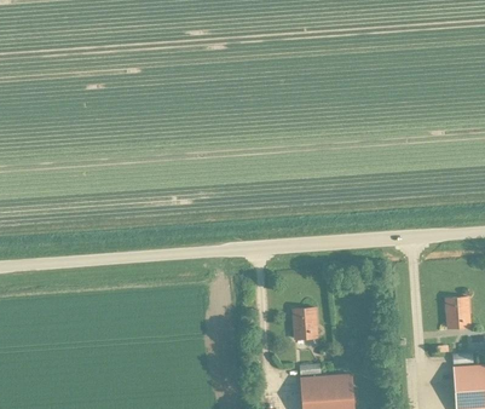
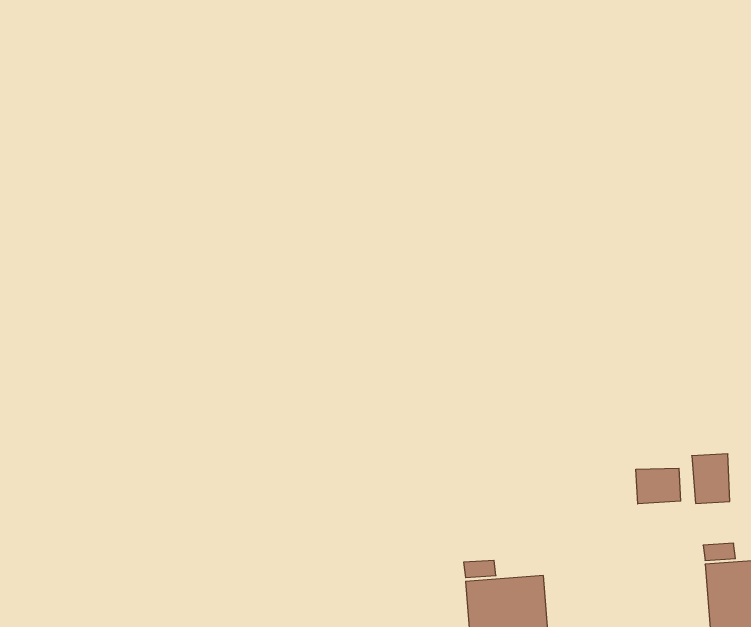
building: none -> [636,468,681,504]
building: [293,307,317,339] -> none

